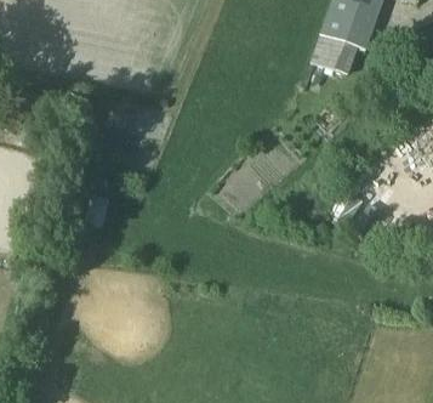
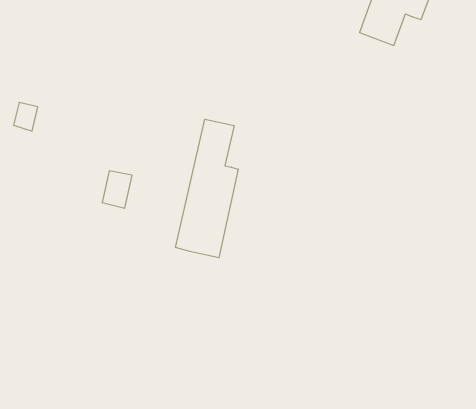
building: none -> [176,119,238,258]

